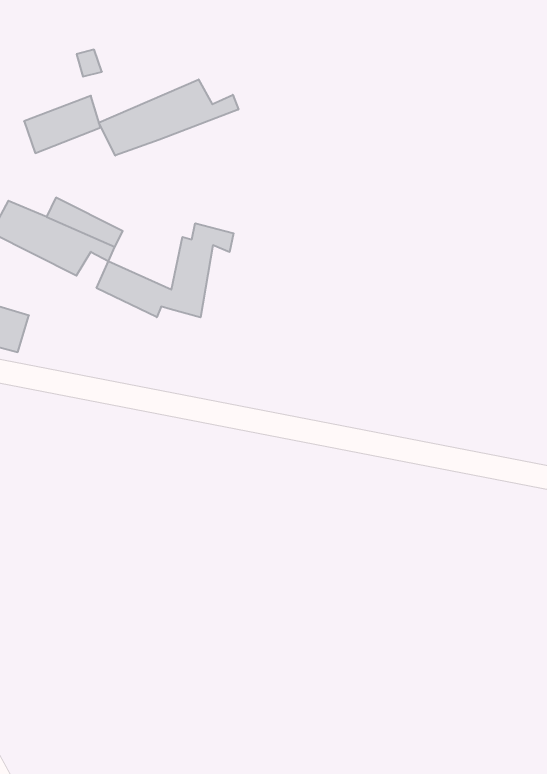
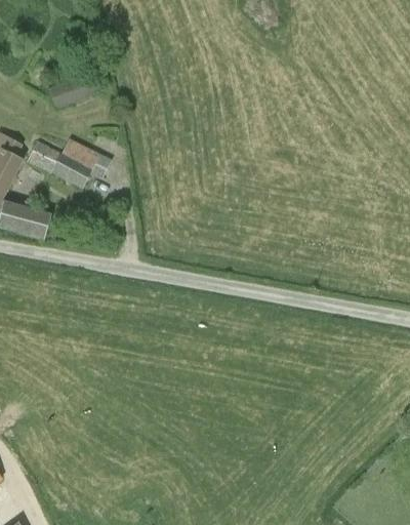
building: [99,79,238,156] -> none
building: [97,223,234,317] -> none

